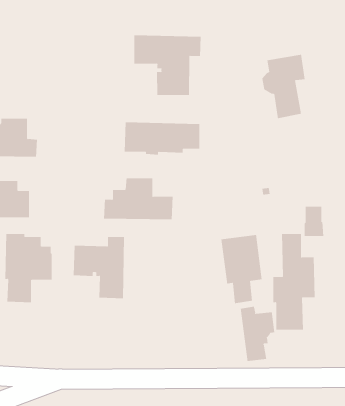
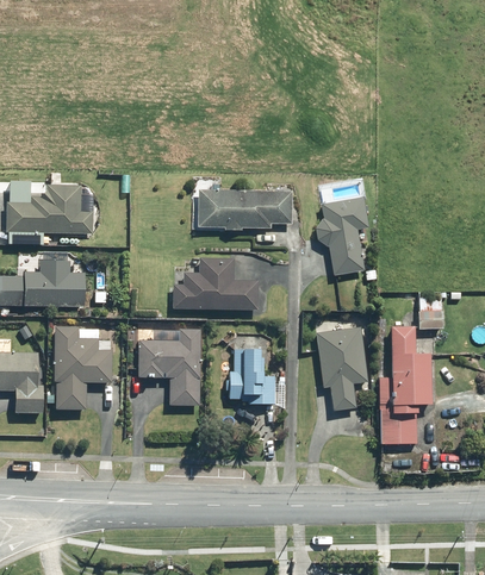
building: [134,34,201,96] -> none
building: [262,54,306,119] -> [315,196,368,275]
building: none -> [226,348,274,402]
building: [240,306,275,362] -> none

